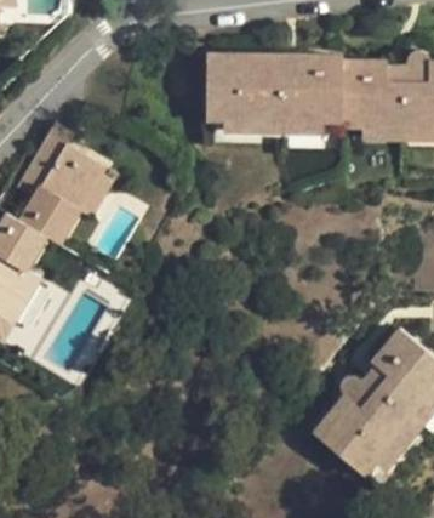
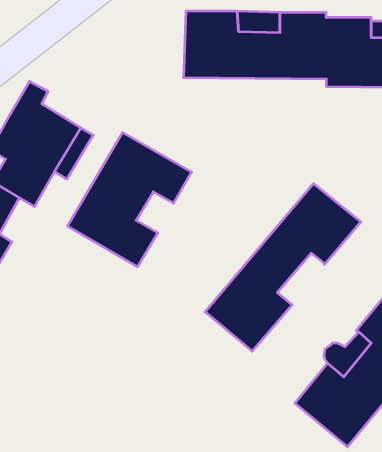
building: none -> [68,133,192,267]
building: none -> [205,184,361,351]

